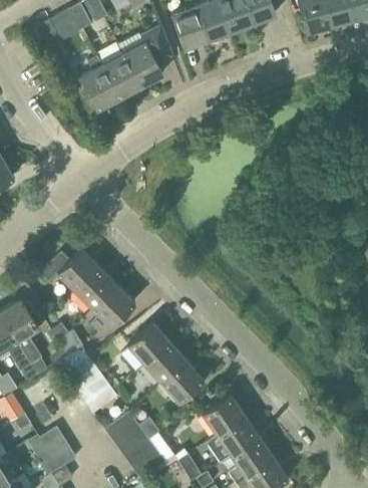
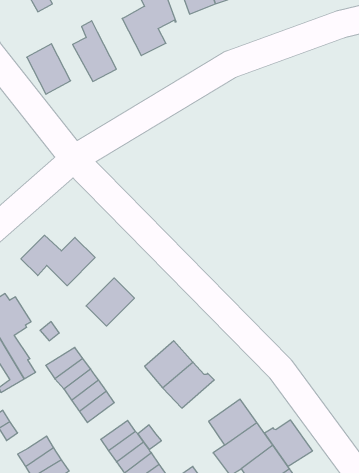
building: [102,54,141,99] -> [27,44,71,94]
building: [75,268,117,311] -> none
building: [127,323,170,365] -> none
building: none -> [264,420,312,467]

